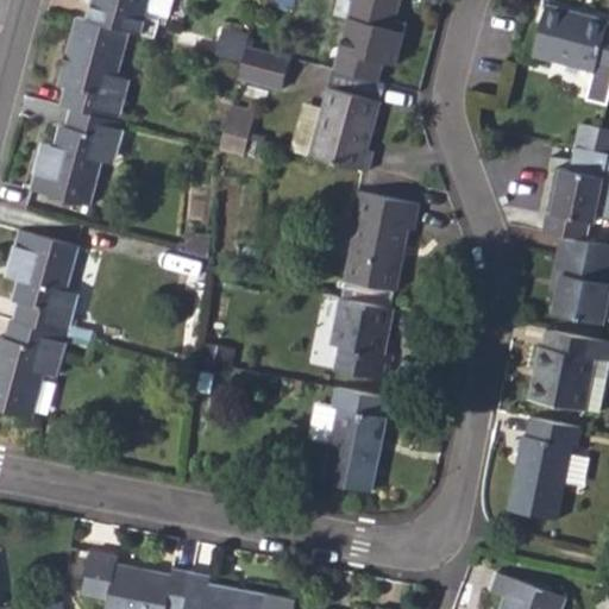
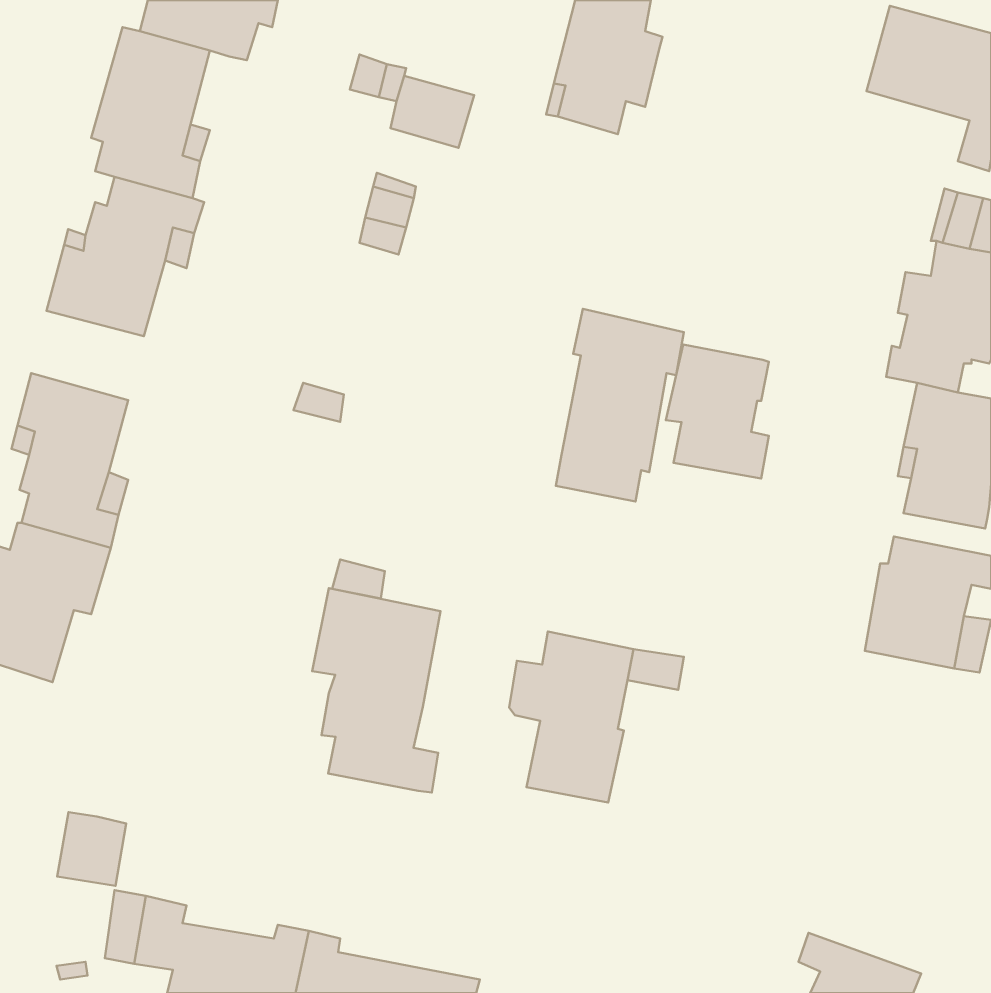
building: [309,86,379,171] -> none
building: [329,297,393,379] -> [666,344,769,478]
building: none -> [312,588,440,793]
building: [508,415,580,520] -> none
building: none -> [57,812,126,886]

